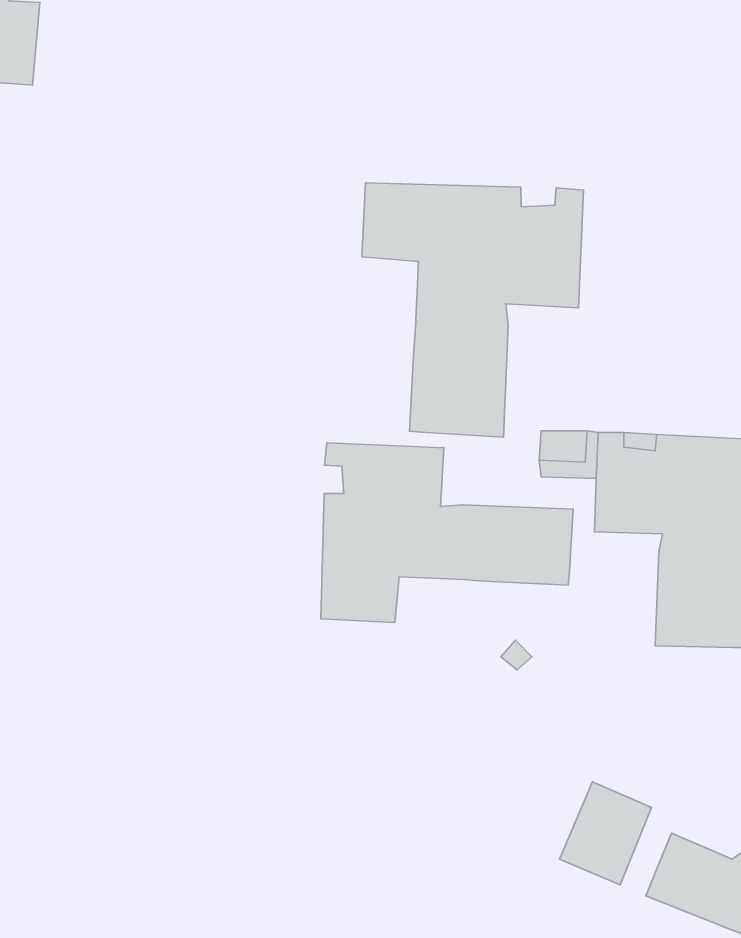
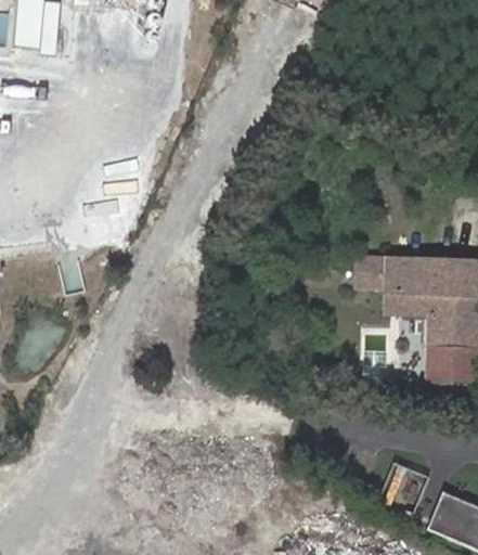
building: [362,183,583,437] -> none
building: [321,443,573,622] -> none

